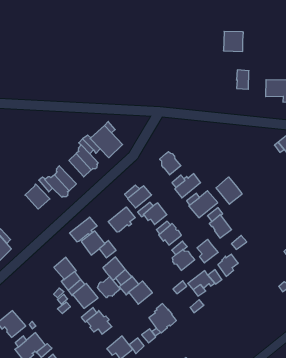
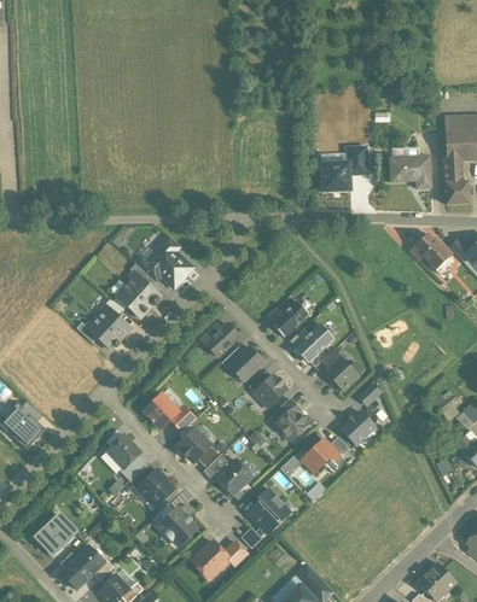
building: [223,31,243,51] -> [321,162,350,191]
building: [160,152,181,175] -> none
building: [216,177,242,204] -> none
building: [25,184,50,209] -> none
building: [108,207,135,232] -> none
building: [70,217,97,242] -> none
building: [197,239,218,263] -> none
building: [97,276,120,298] -> none

